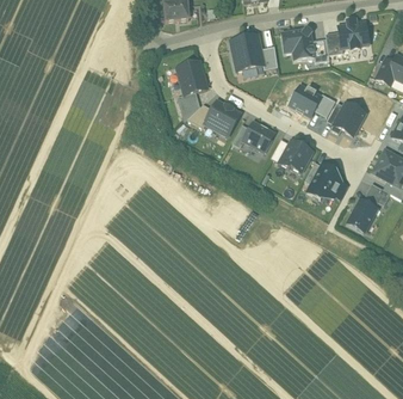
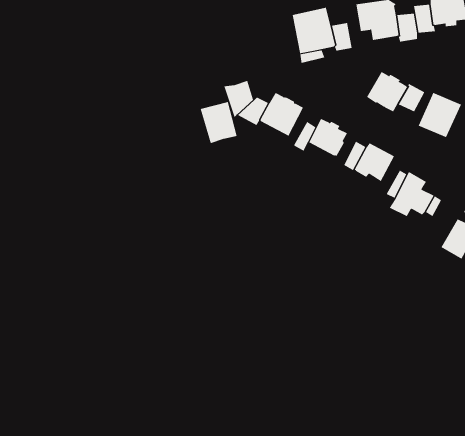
building: [176,61,206,94] -> [200,101,238,144]

